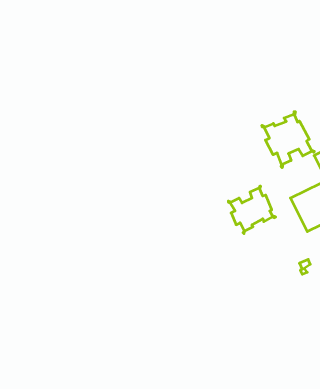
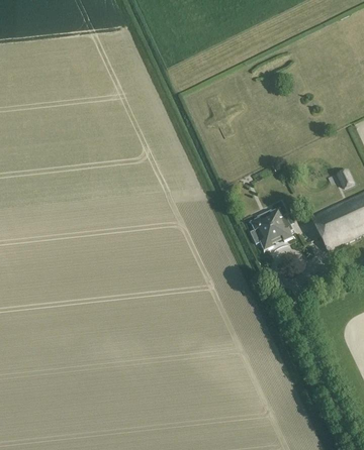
building: [262,112,314,168] -> none

